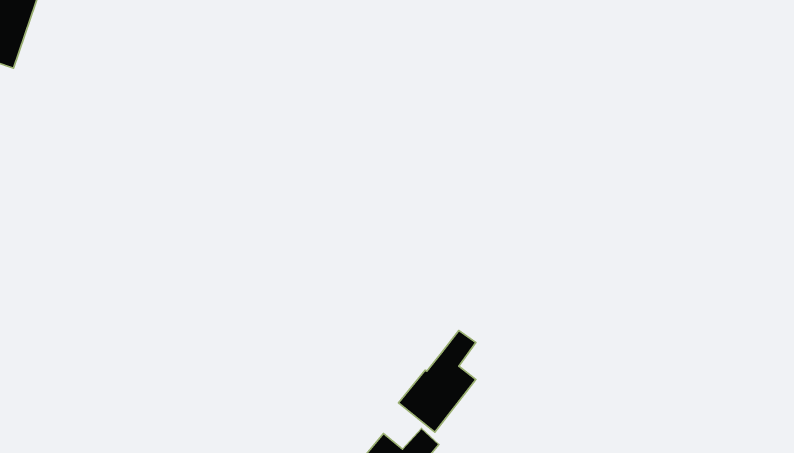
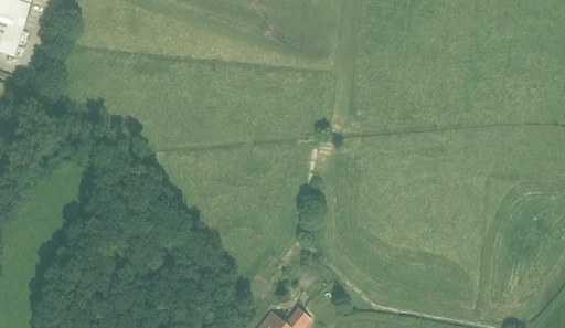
building: [398,330,476,432] -> none

